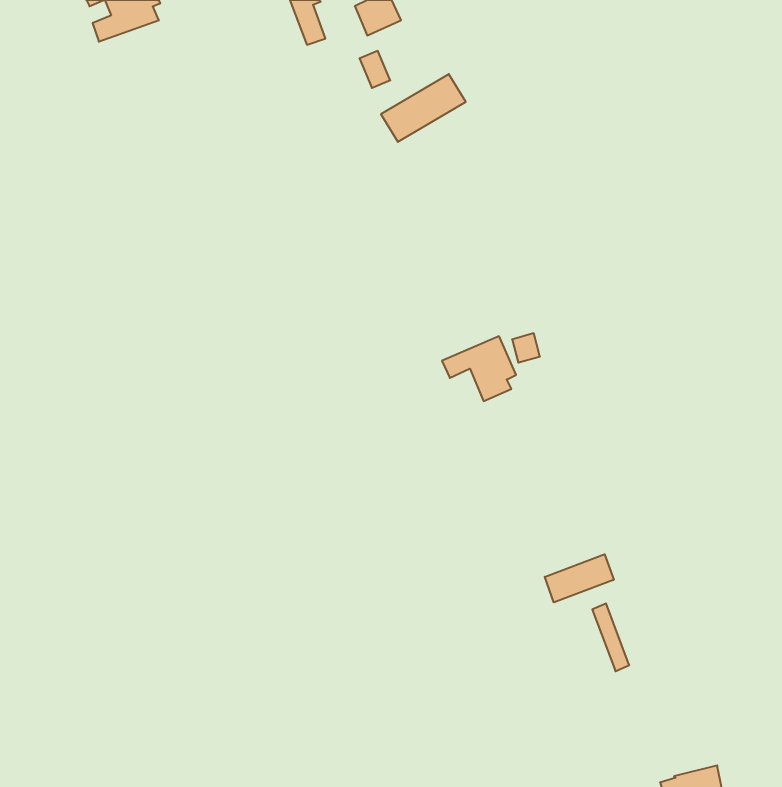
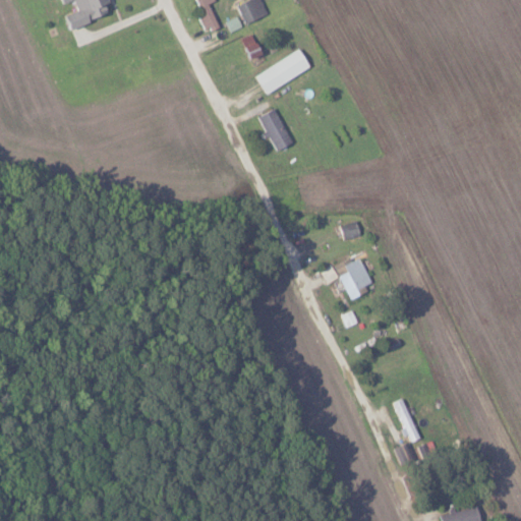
building: none -> [260,109,291,151]
building: [442,336,516,401] -> [323,257,371,300]
building: [545,554,614,602] -> none

